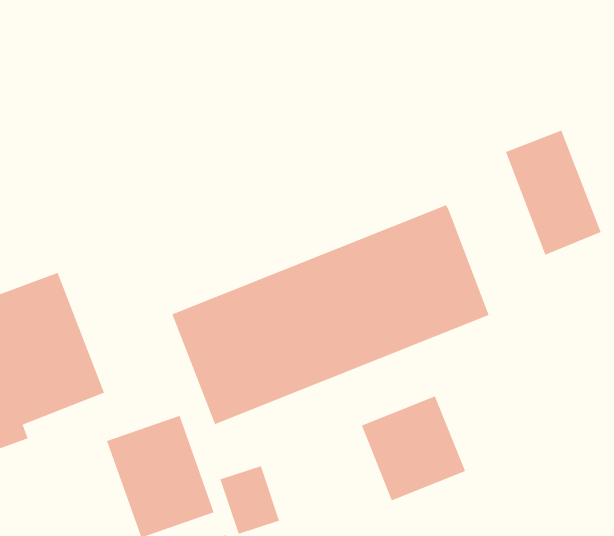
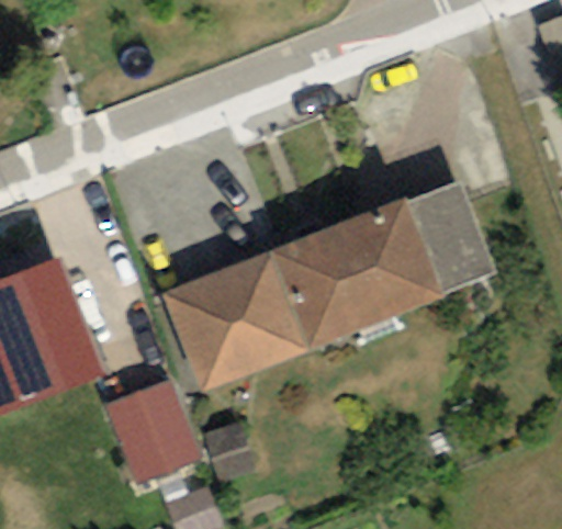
building: [505,130,601,255] -> [409,182,495,294]
building: [361,395,466,501] -> none

